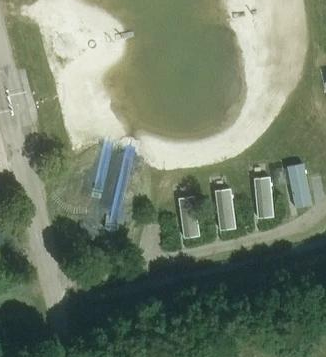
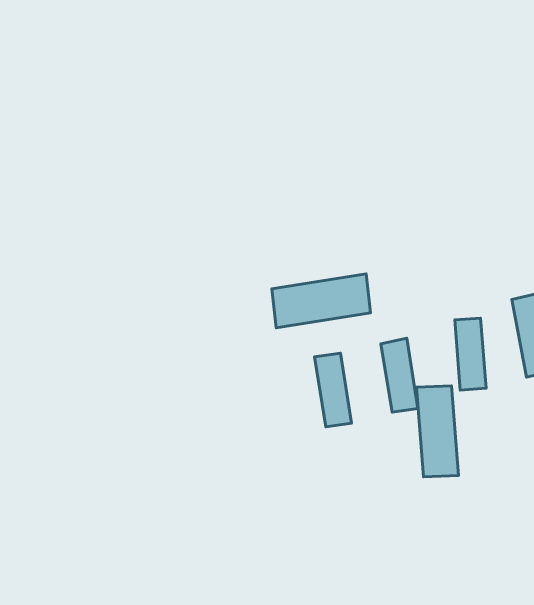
building: none -> [272,274,371,328]
building: none -> [416,386,459,477]

